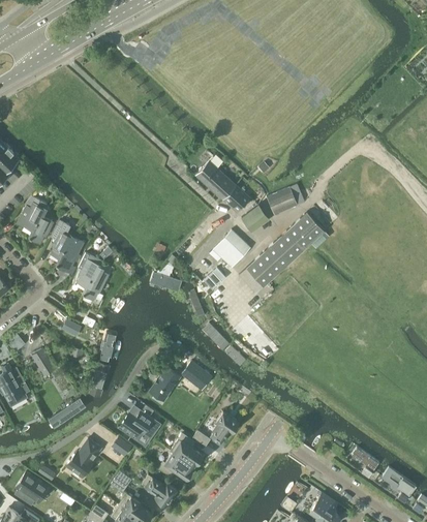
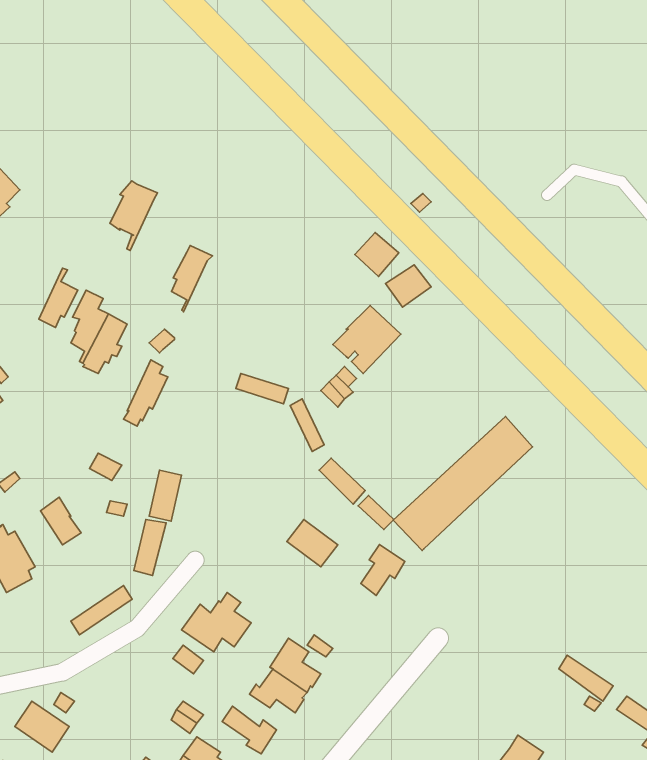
building: [195,161,235,199] -> none
building: [267,185,304,215] -> none
building: [18,196,47,239] -> [110,181,157,250]
building: [239,212,324,294] -> [393,416,533,551]
building: [77,254,101,295] -> [172,246,212,312]
building: [149,367,180,400] -> none
building: [211,411,238,442] -> [361,545,405,596]
building: [66,438,100,477] -> none

